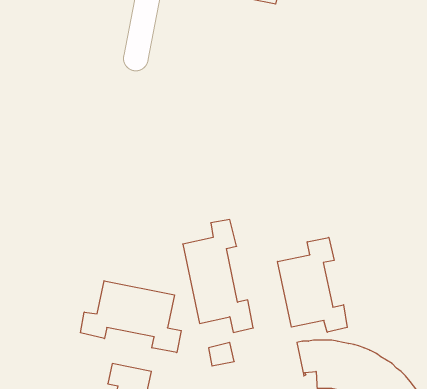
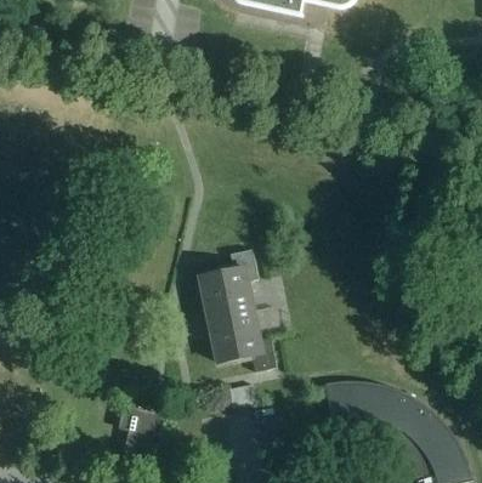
building: [278,237,347,332] -> none
building: [81,281,181,353] -> none

